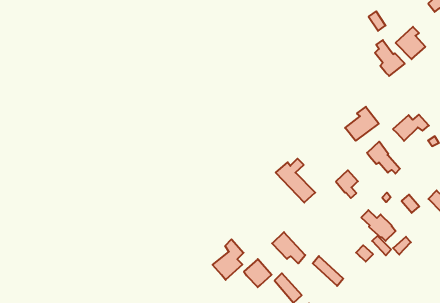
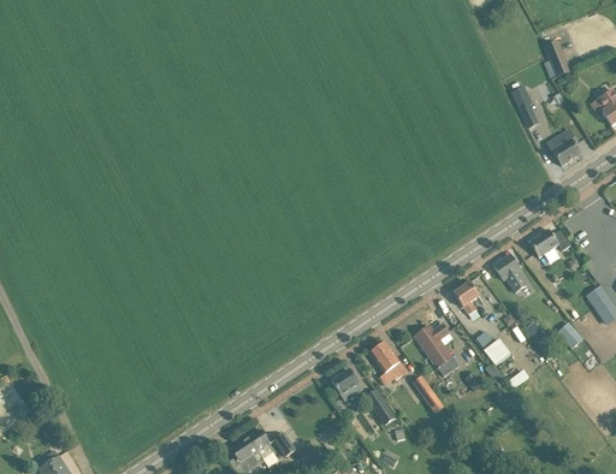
building: [375,40,405,76] -> none
building: [345,107,379,141] -> none
building: [276,159,315,203] -> [415,322,457,374]
building: [213,239,244,280] -> none

